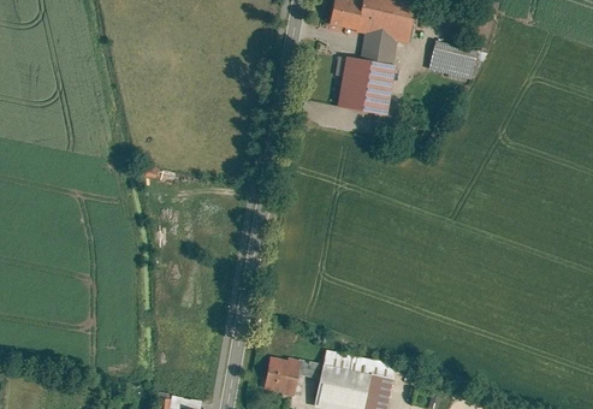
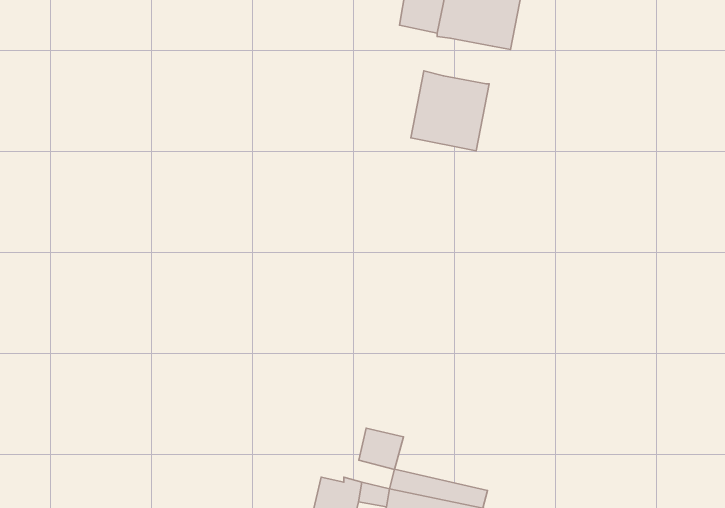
building: [361,32,397,66] -> none
building: [427,41,476,81] -> none
building: none -> [359,428,404,470]

